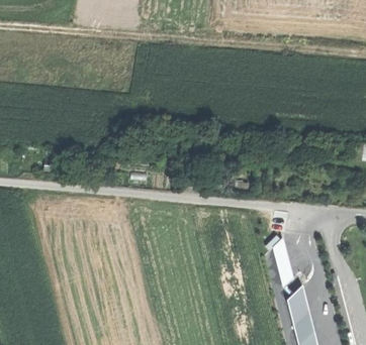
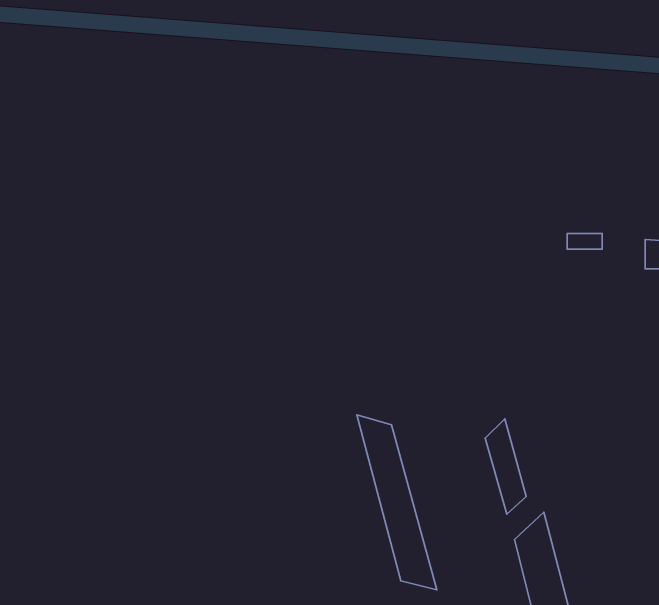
building: none -> [357,415,437,590]

